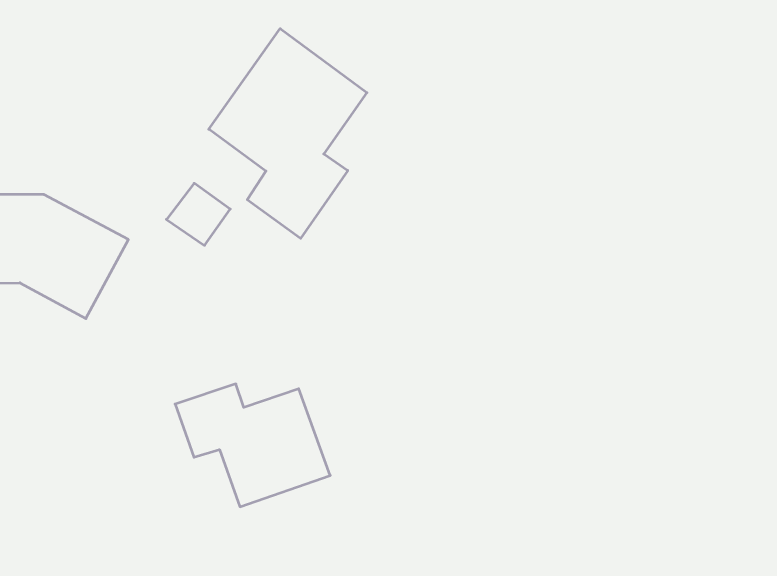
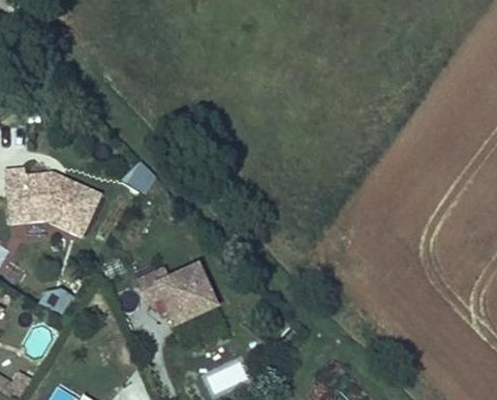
building: [209,29,367,238] -> none

